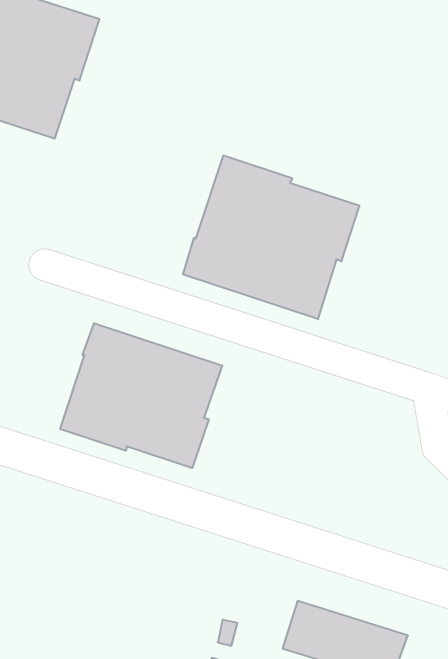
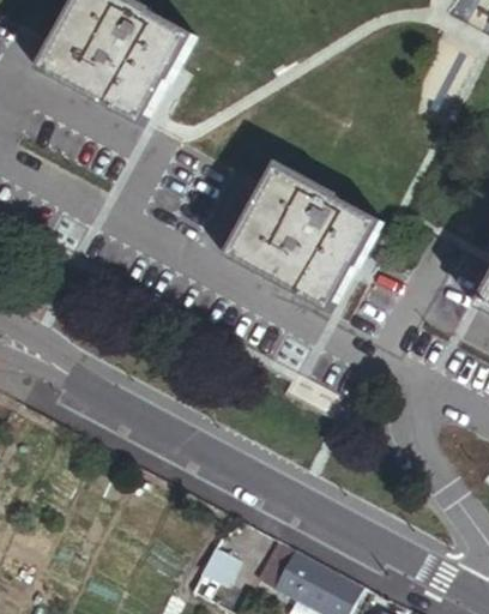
building: [60,323,222,468] -> none

